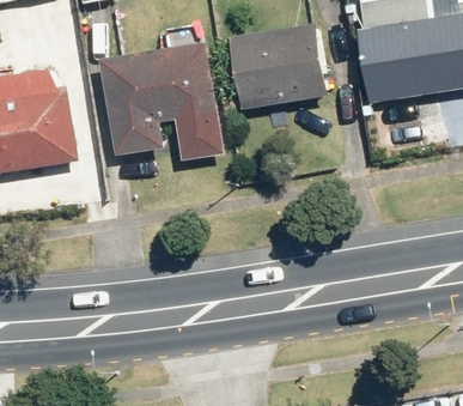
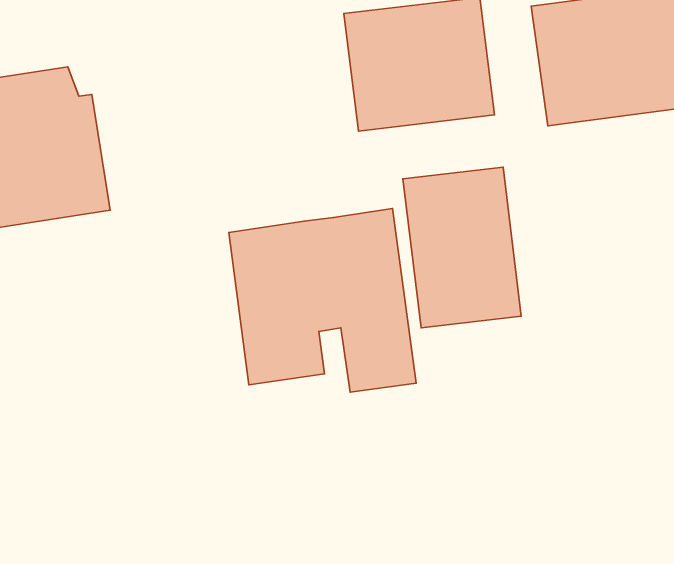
building: [100,43,223,163] -> [229,208,416,392]
building: none -> [403,167,521,328]

